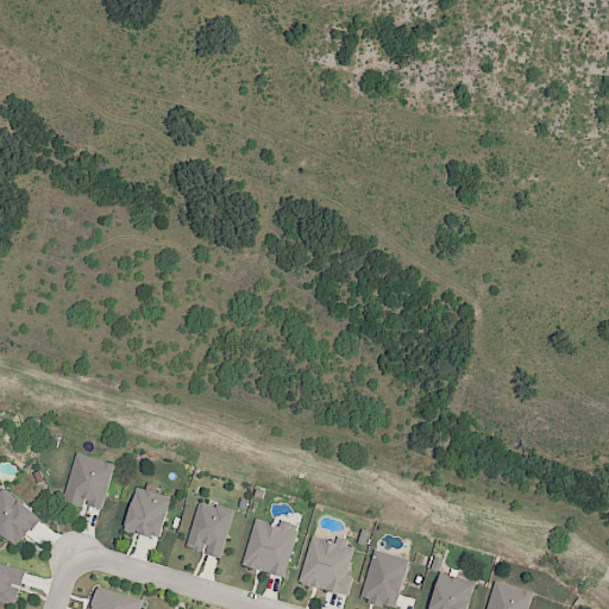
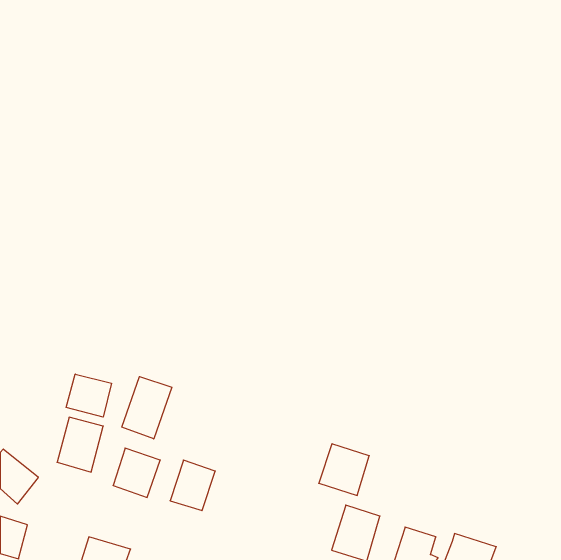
building: none -> [66,374,111,417]
building: none -> [122,377,172,439]
building: [240,520,296,577] -> none
building: [300,536,354,592] -> [319,444,369,495]

